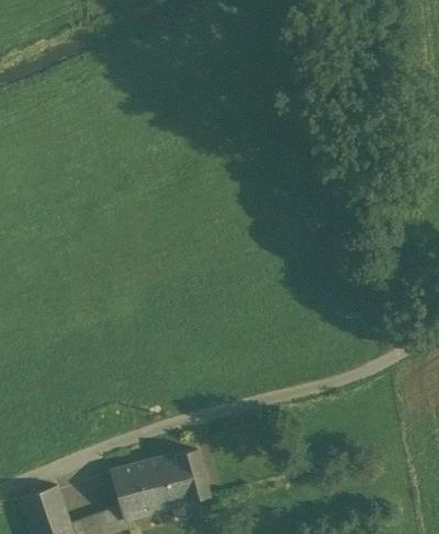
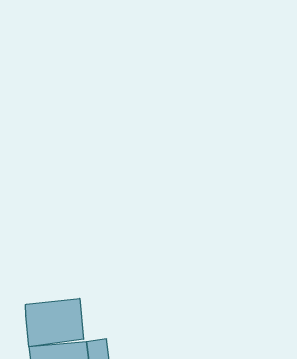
building: none -> [26,298,84,347]

